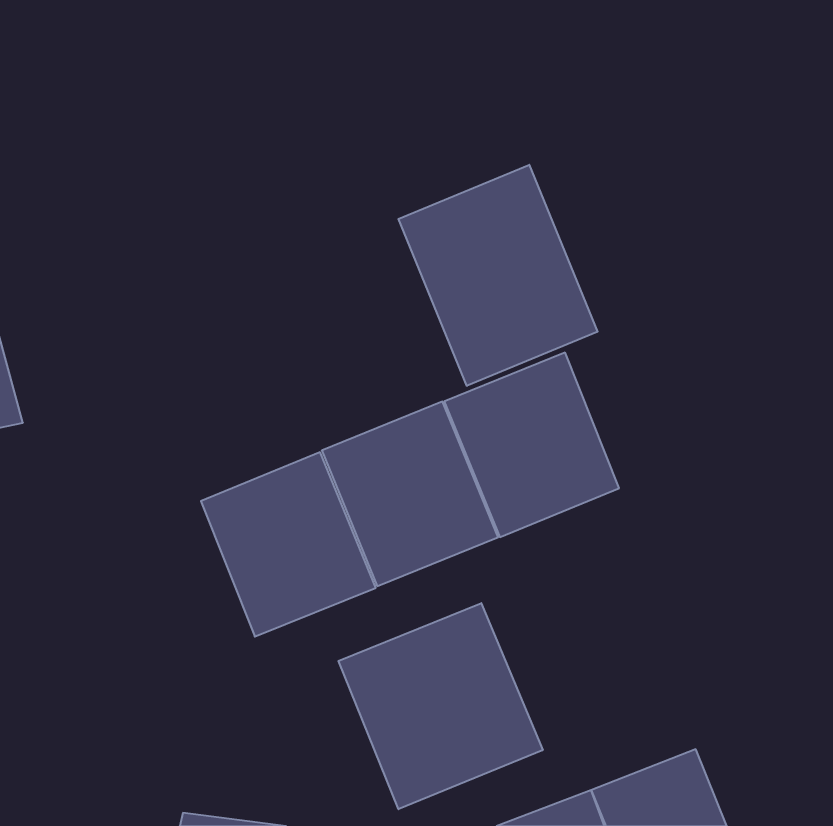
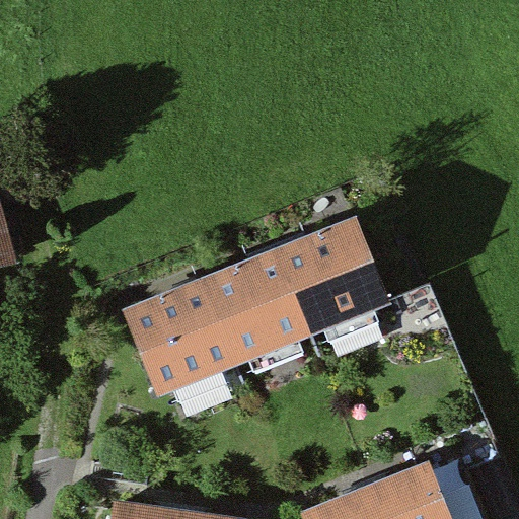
building: [398,165,598,386] -> none
building: [338,603,543,809] -> none

